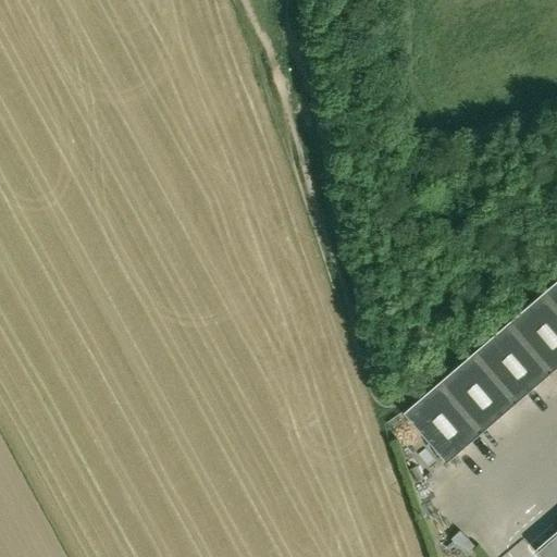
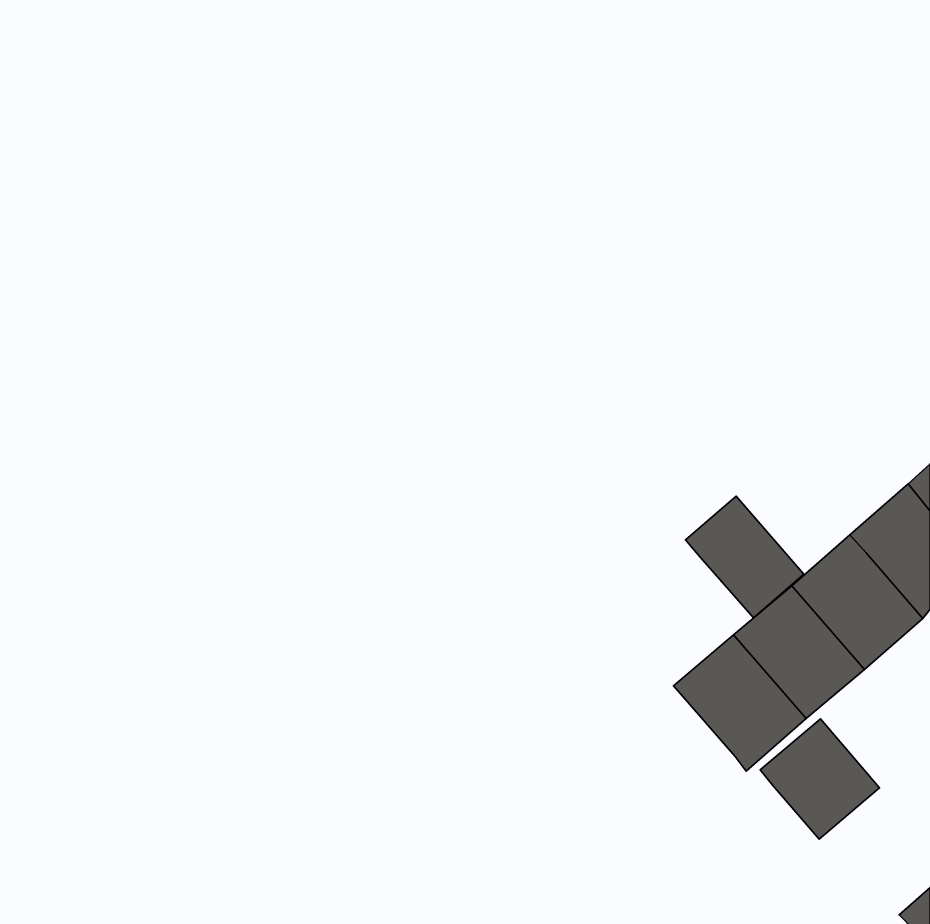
building: none -> [686,496,804,618]
building: none -> [760,719,880,839]

